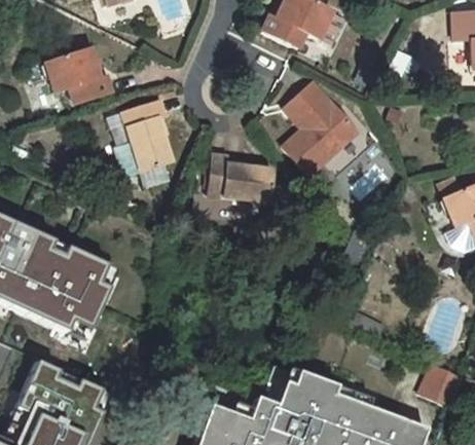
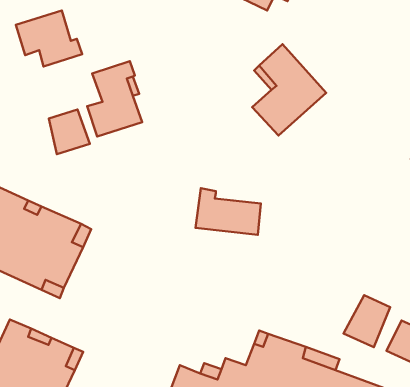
building: none -> [49,109,90,154]
building: [208,153,273,200] -> [196,188,261,235]
building: none -> [343,295,390,347]

